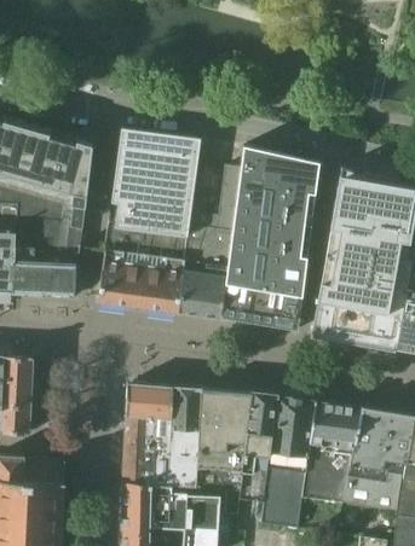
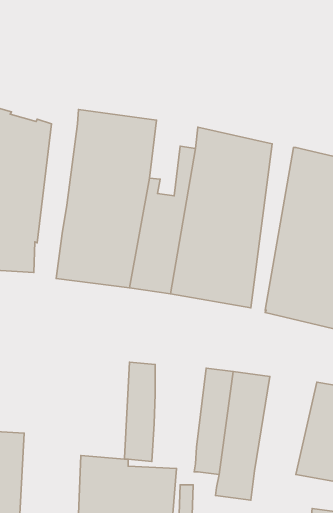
building: [122,383,172,486] -> none
building: [195,389,250,490] -> none
building: [300,401,364,503] -> none

